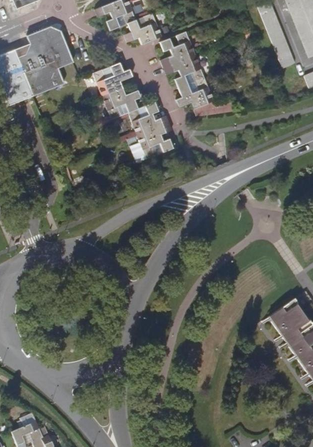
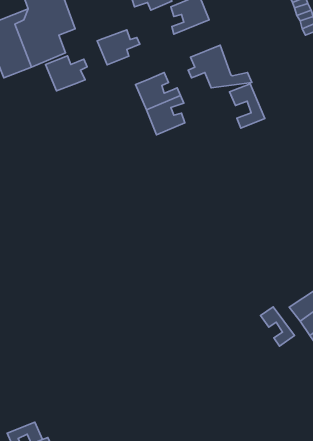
building: [163,54,205,88] -> none
building: [102,87,140,119] -> [46,56,87,91]
building: none -> [230,84,265,128]
building: none -> [260,307,294,346]

